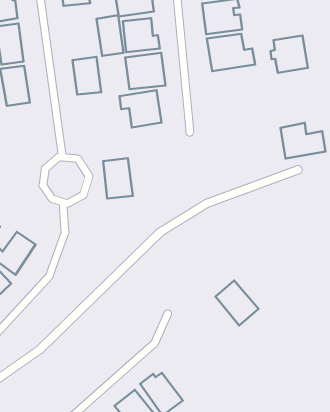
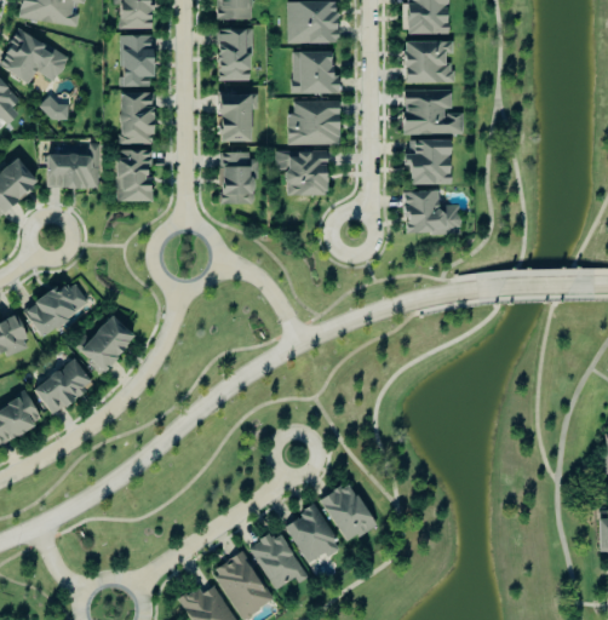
building: [96,15,123,56] -> [217,29,247,81]
building: [271,35,308,73] -> [403,139,451,185]
building: none -> [116,149,151,202]
building: [280,123,326,159] -> [405,190,461,235]
building: [103,158,133,198] -> [219,153,254,205]
building: [216,281,258,326] -> [320,481,375,542]
building: none -> [285,505,339,564]

